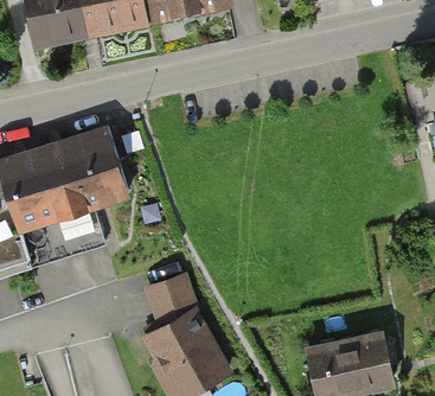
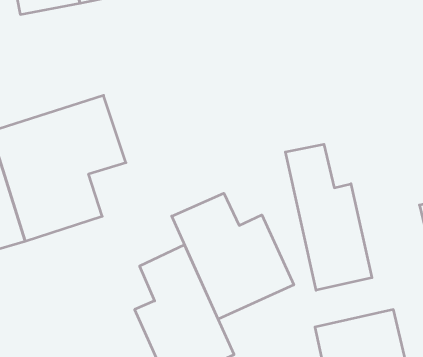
building: none -> [285,144,372,290]
building: none -> [172,193,294,319]

